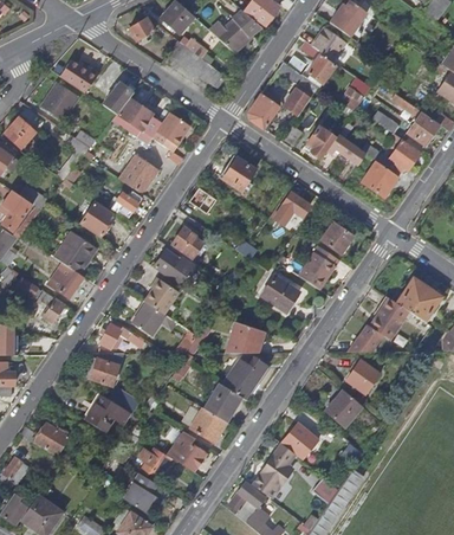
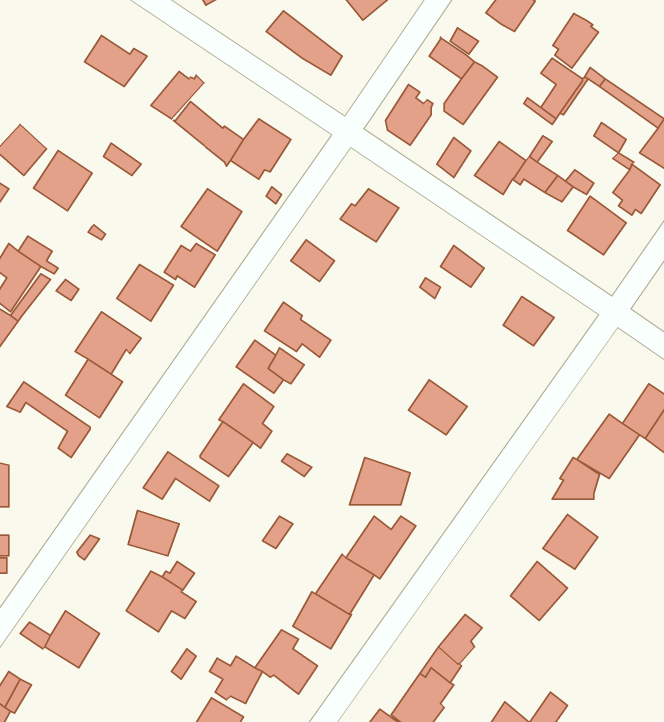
building: [307,52,336,86] -> [553,13,598,68]
building: [40,80,77,118] -> [33,150,92,211]
building: [299,252,336,289] -> none

